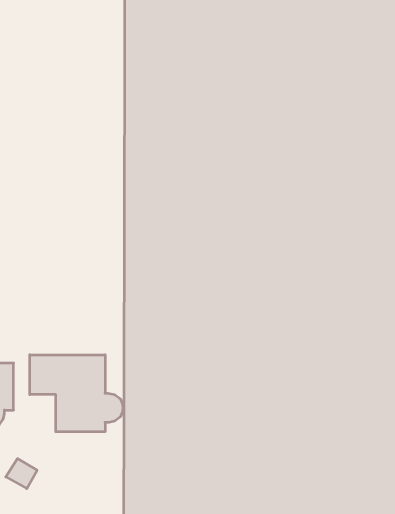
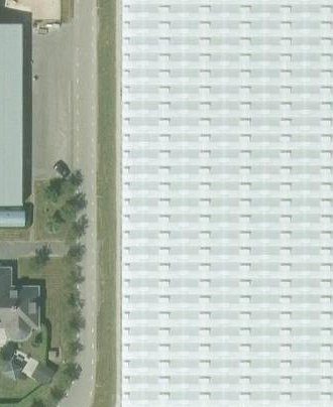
building: [30,355,123,432] -> none

